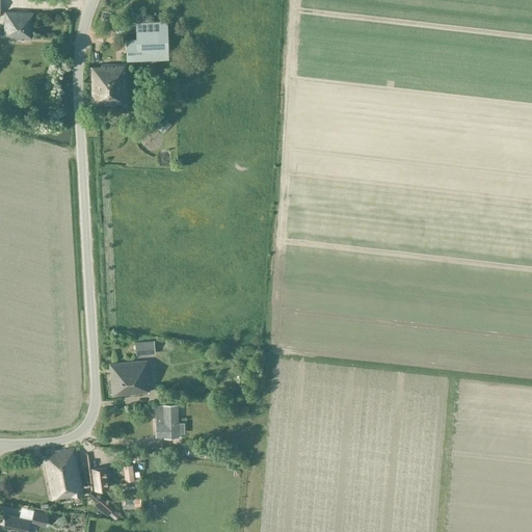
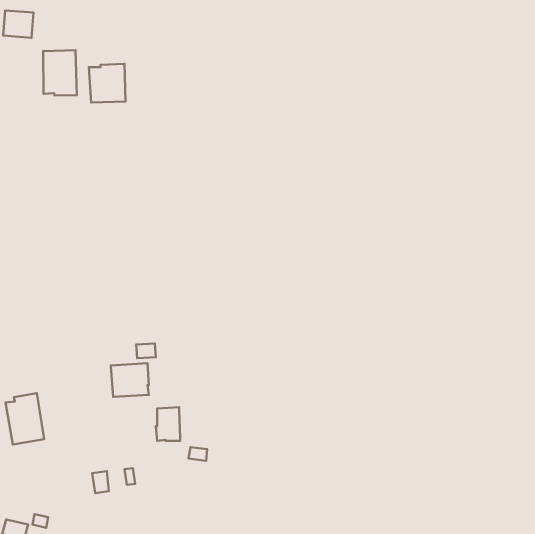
building: [127,21,169,59] -> none
building: none -> [43,50,77,96]
building: [45,449,83,500] -> [5,393,44,444]

